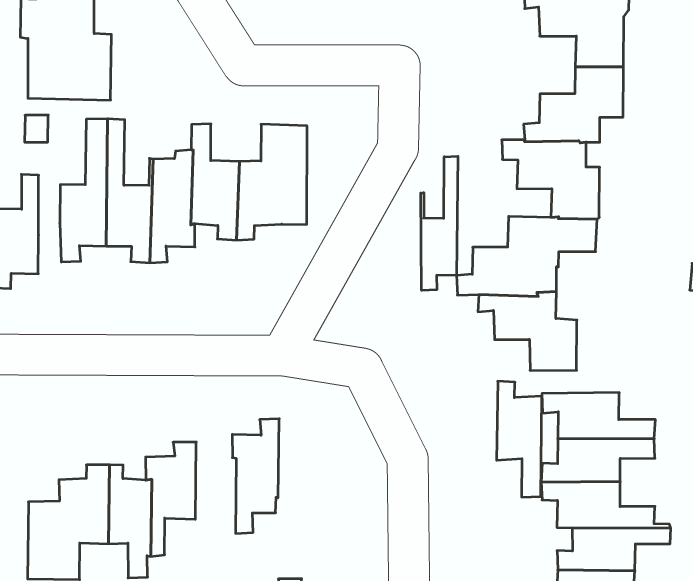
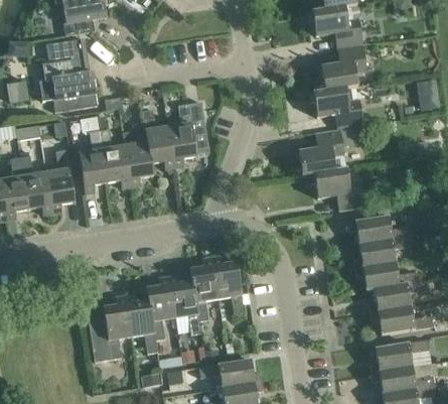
building: [421,156,458,290] -> none
building: [497,381,542,497] -> [212,256,245,315]
building: none -> [171,275,201,333]

